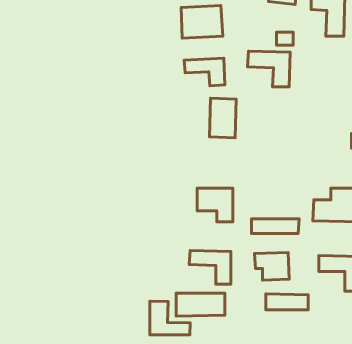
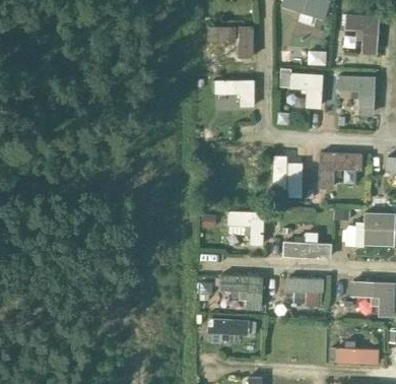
building: none -> [337,74,375,115]
building: [210,98,236,138] -> [273,149,301,190]
building: none -> [318,152,360,184]
building: [266,294,308,310] -> [335,347,379,364]
building: [150,301,190,335] -> none

